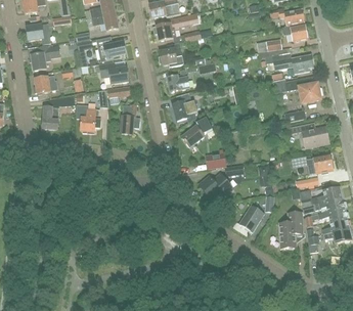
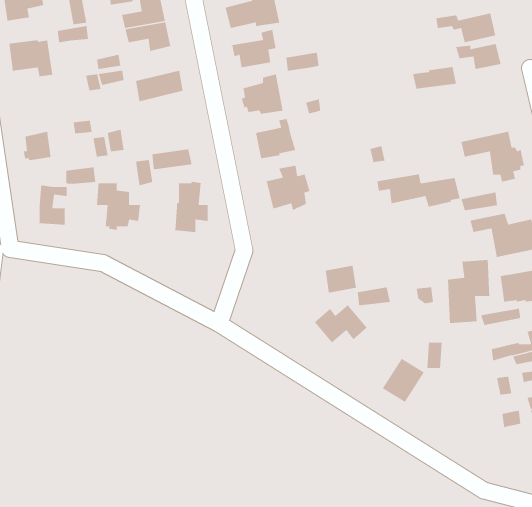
building: [30,45,60,71] -> none
building: [265,53,313,73] -> [377,174,460,208]
building: [98,62,128,84] -> none
building: [181,118,212,147] -> none
building: [278,212,303,249] -> [447,259,490,324]

